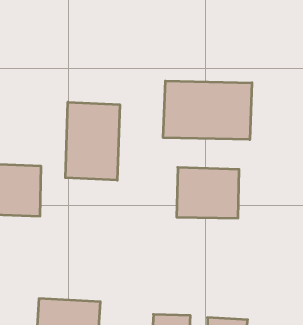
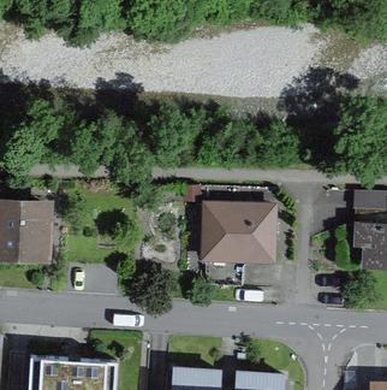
building: [163,81,252,140] -> none
building: [65,102,120,180] -> none

